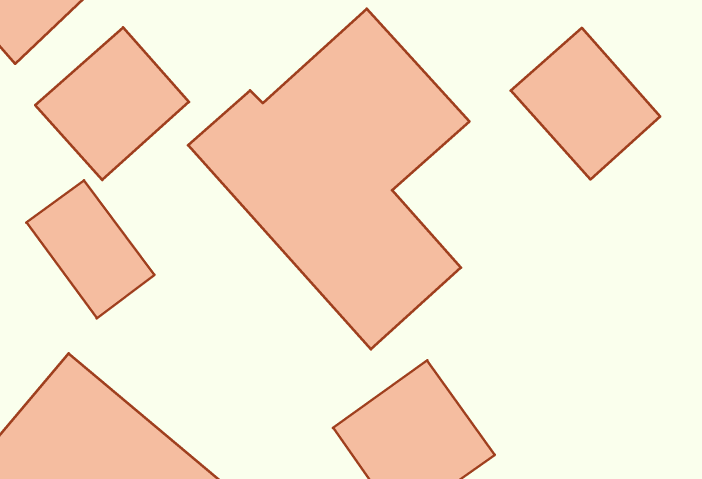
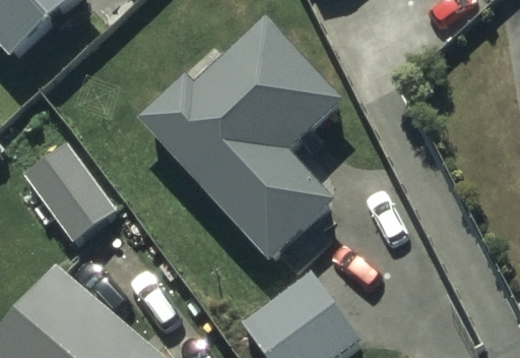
building: [35,27,189,180] -> none
building: [511,28,660,179] -> none

